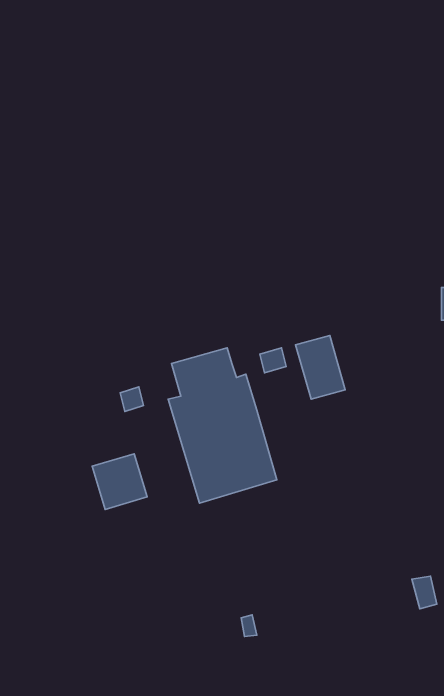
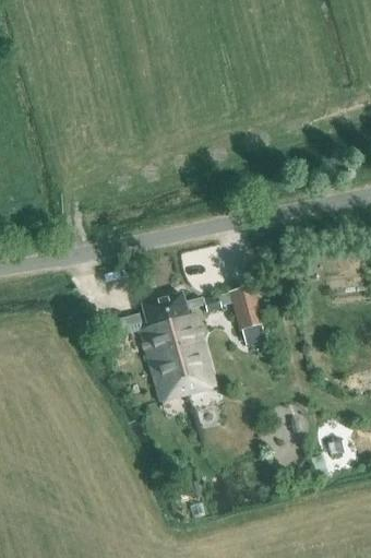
building: [92,454,147,509] -> none

